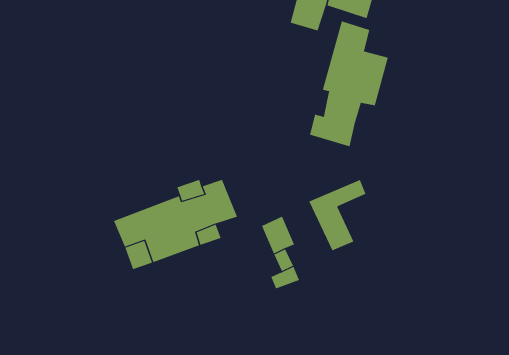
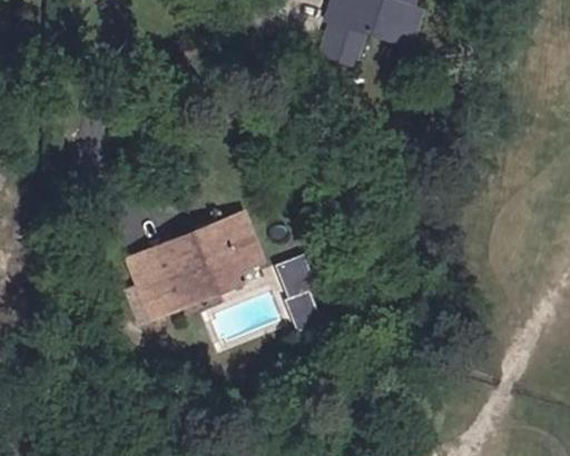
building: [310,21,388,147] -> none
building: [309,179,366,251] -> none

